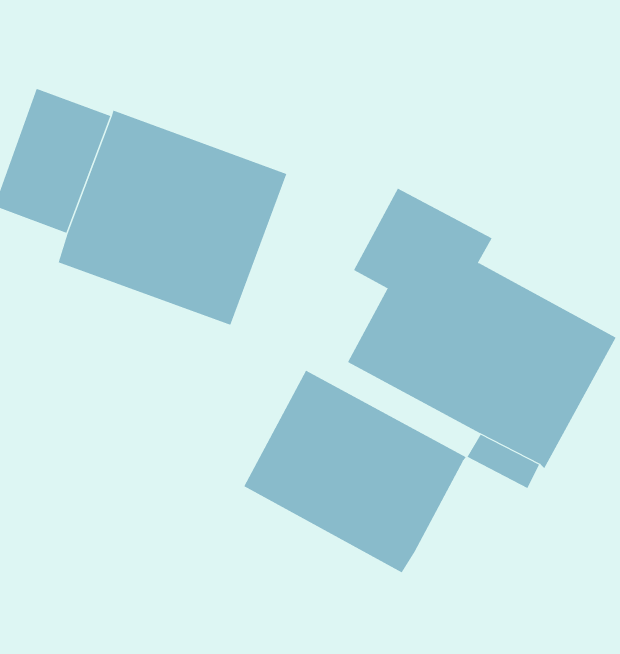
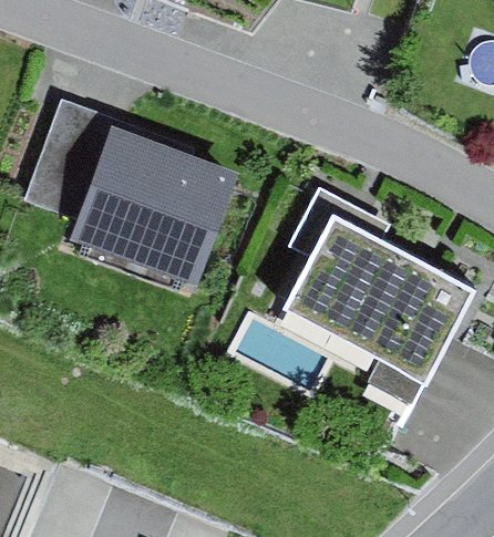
building: [243,370,466,573] -> none

